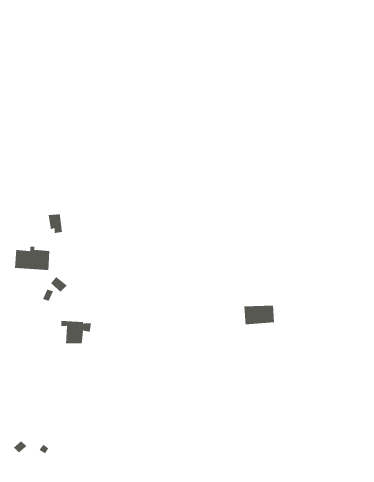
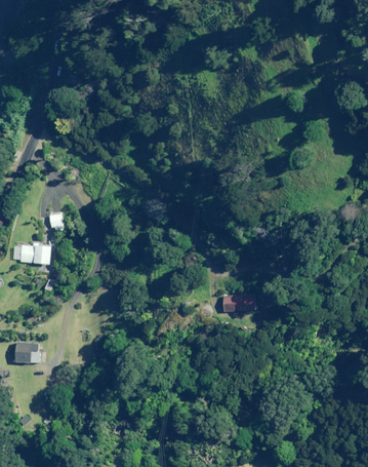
building: [61,321,92,344] -> [11,342,39,362]

